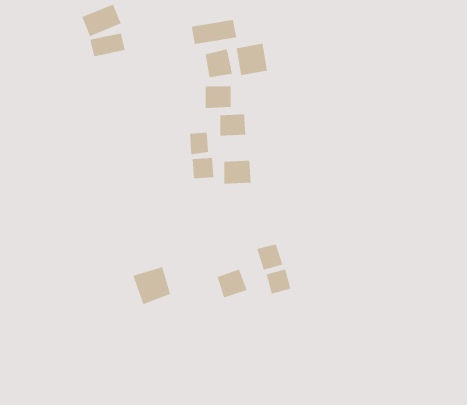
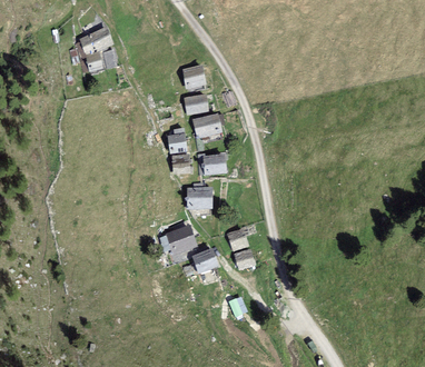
building: [191,19,237,45] -> none
building: [236,43,268,76] -> none
building: none -> [187,188,211,208]
building: [132,266,171,305] -> [162,222,195,255]

